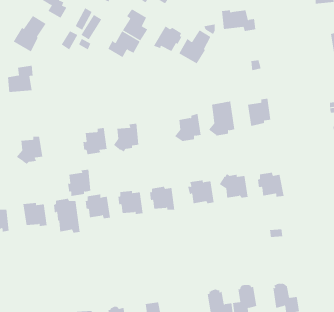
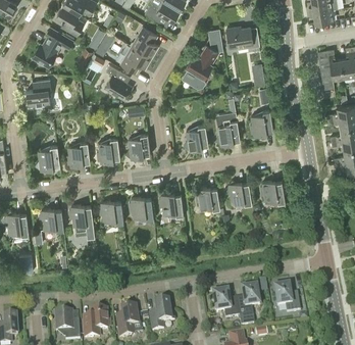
building: [153,25,182,52] -> none
building: none -> [104,65,132,100]
building: [67,169,91,196] -> [67,142,90,167]

